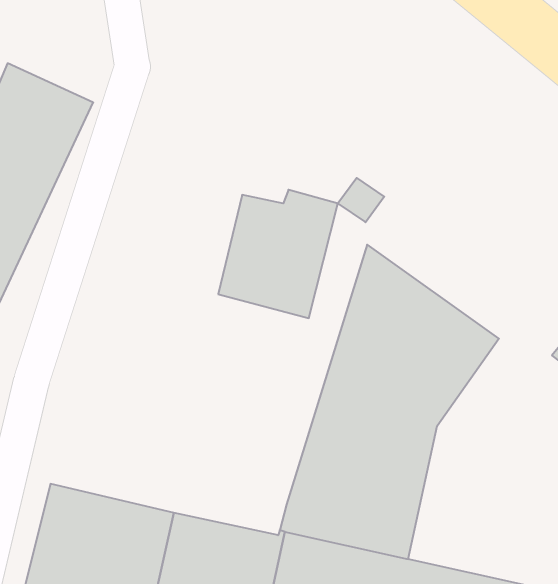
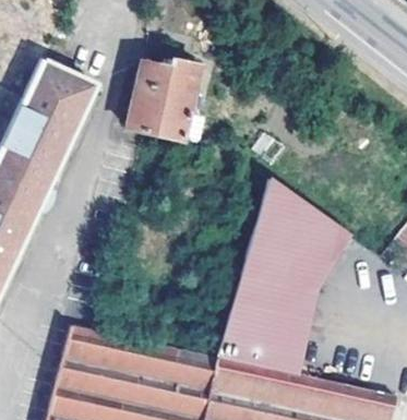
building: [218,190,338,318] -> [124,58,201,140]

